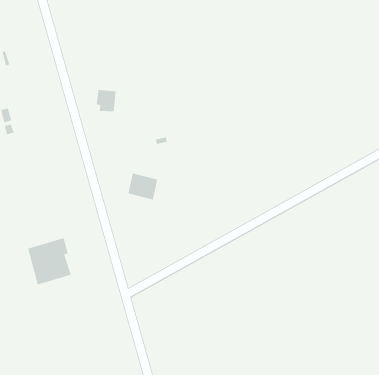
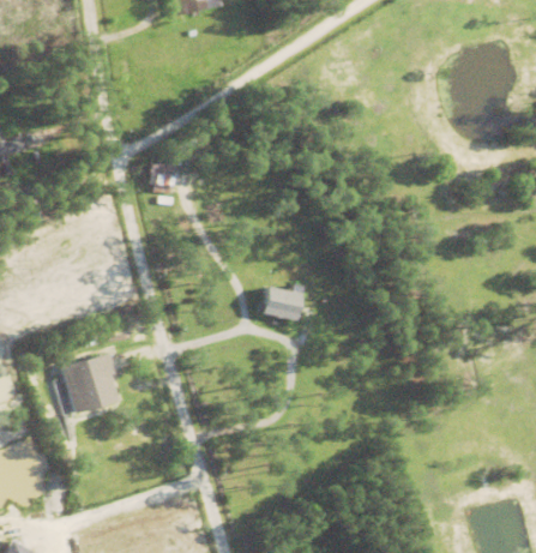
building: [128,173,158,200] -> [261,285,301,321]

